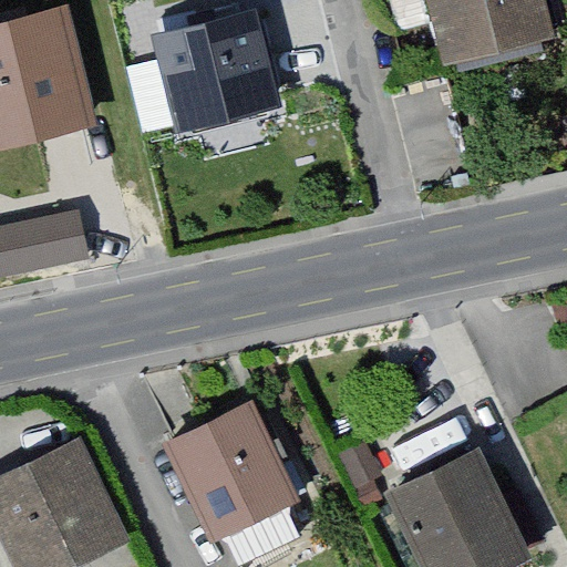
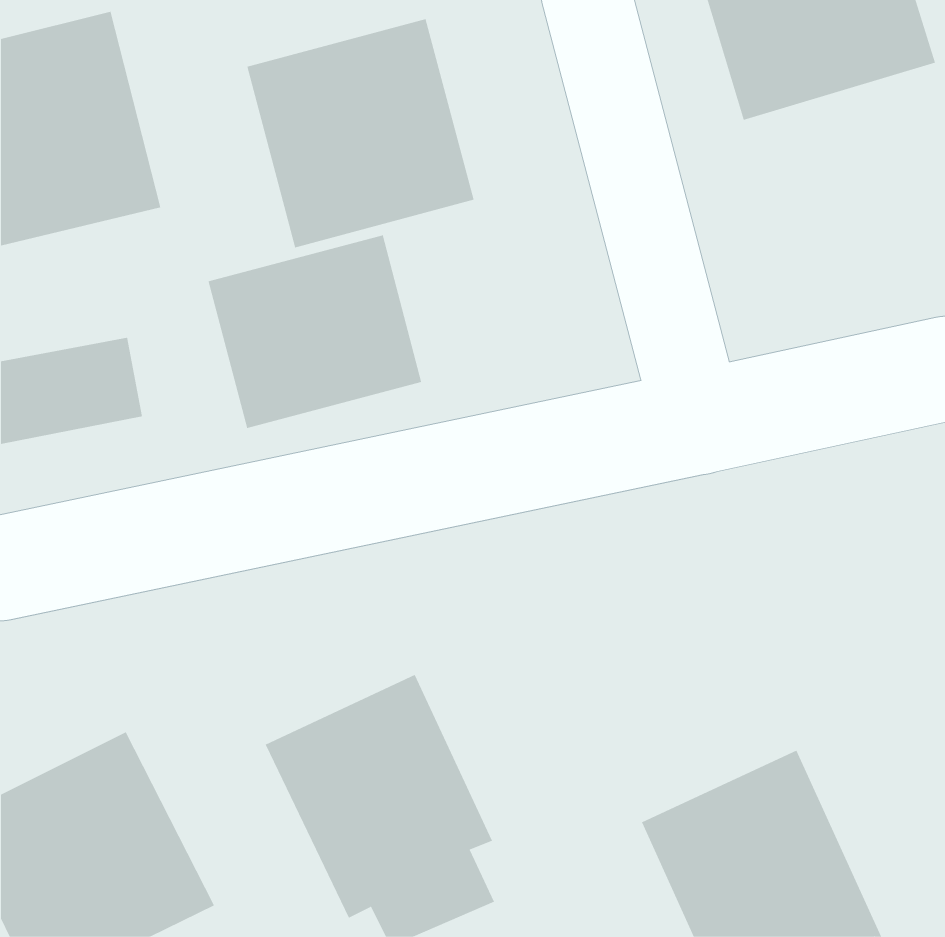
building: none -> [208,234,422,429]

